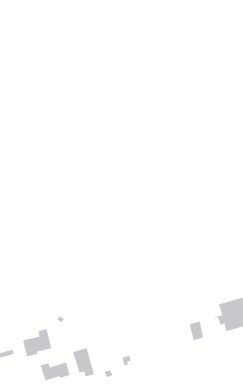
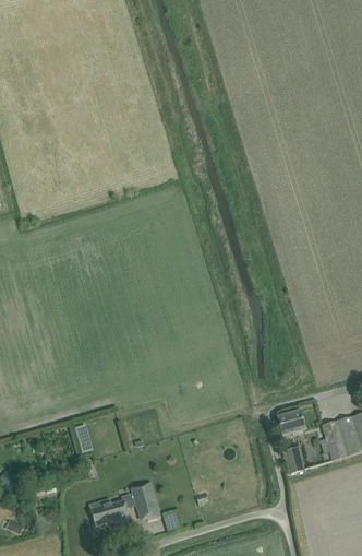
building: none -> [276,411,303,435]
building: [23,328,52,357] -> none

